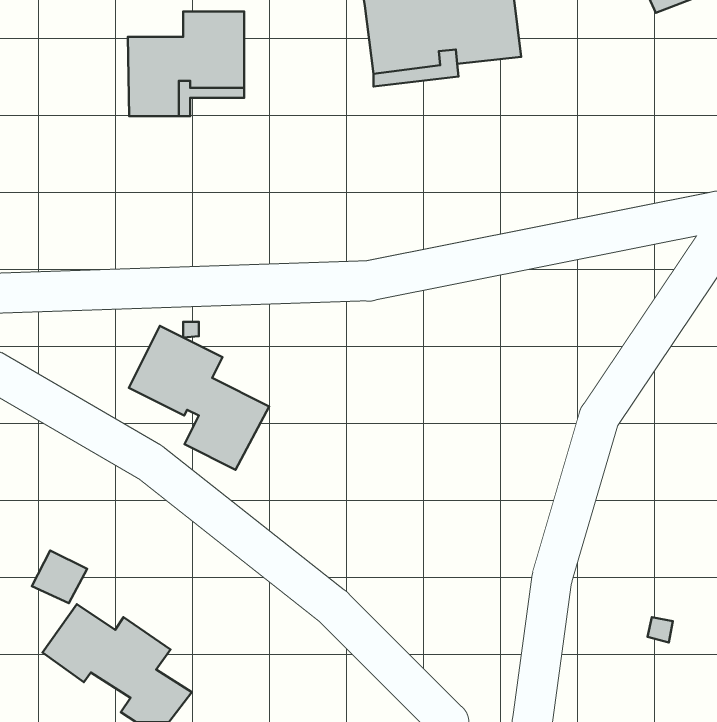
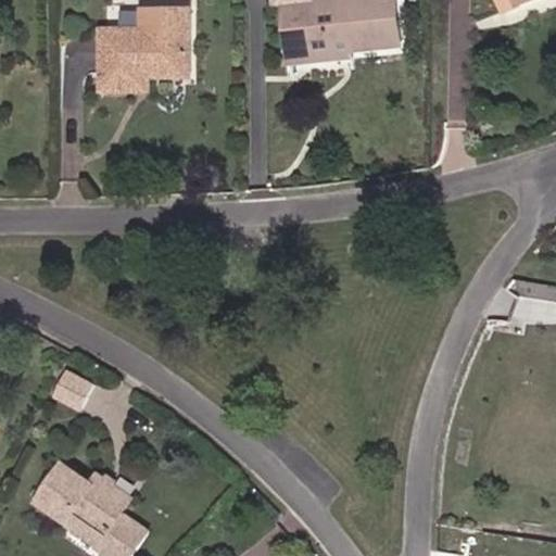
building: [129,326,269,470] -> none
building: [32,551,87,603] -> [49,369,91,409]

